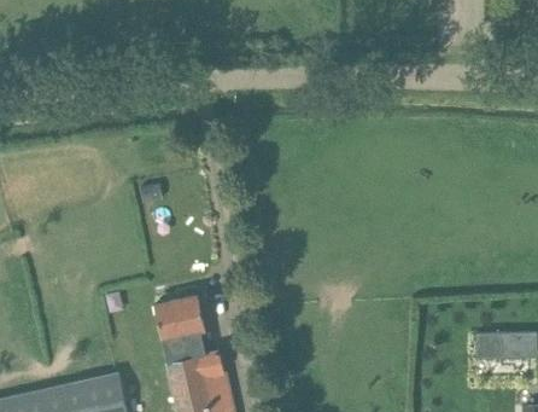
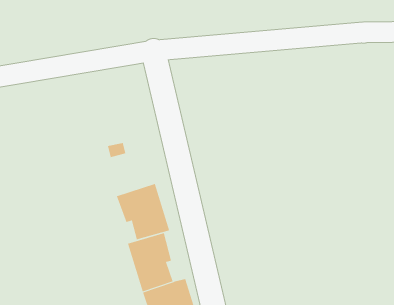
building: none -> [116,183,170,240]

